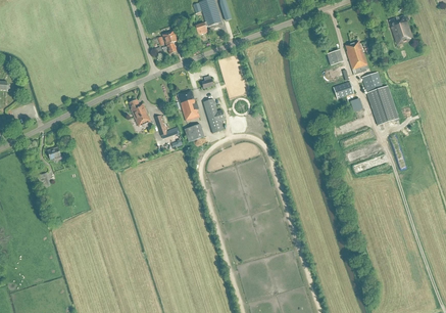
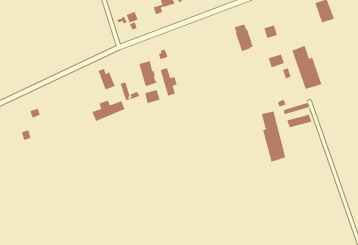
building: [345,41,368,75] -> [234,24,253,52]
building: none -> [92,100,125,122]
building: none -> [261,111,286,163]

